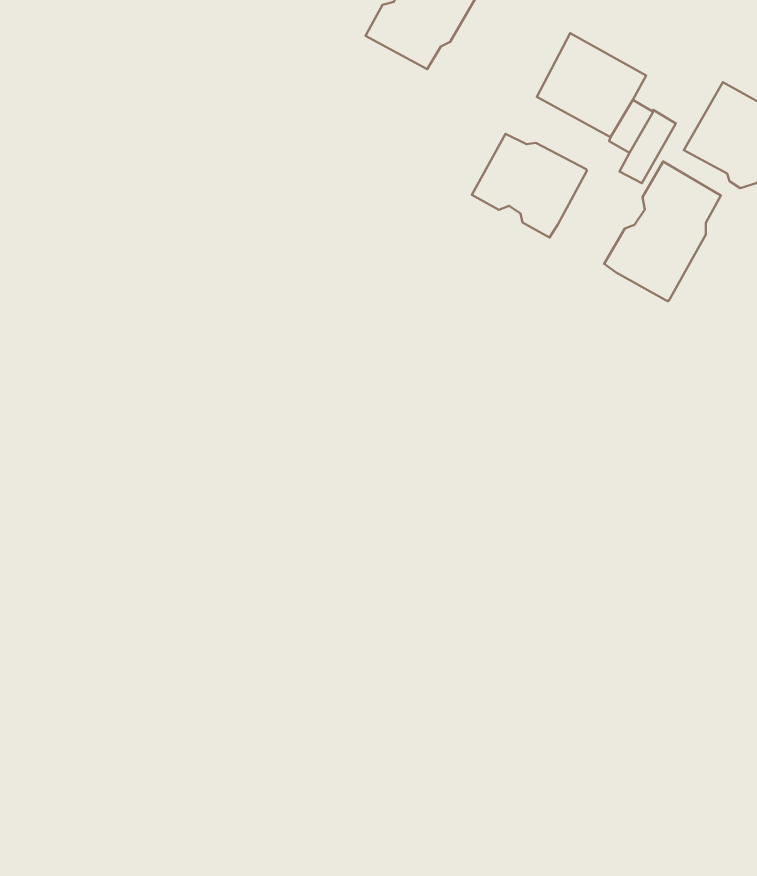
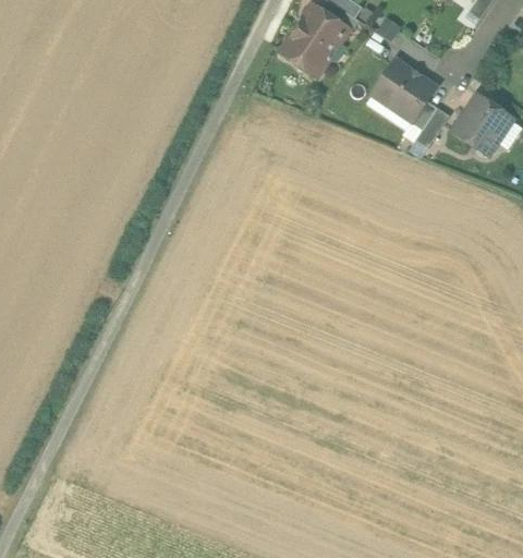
building: [472,134,587,238] -> none
building: [604,162,721,301] -> none

